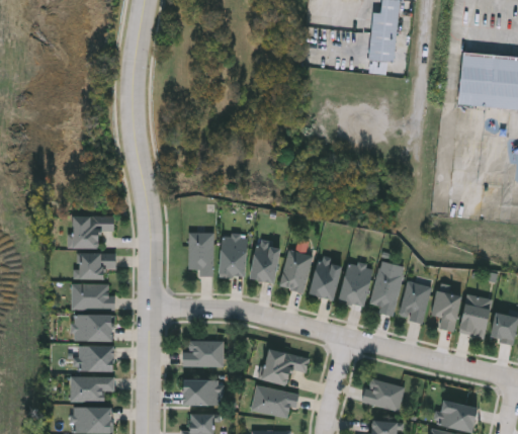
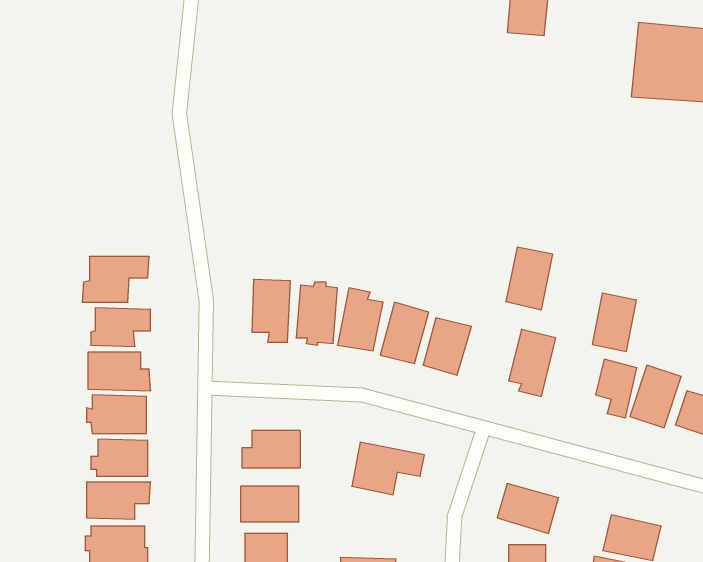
building: [339,262,372,307] -> [506,247,553,310]
building: [400,281,431,323] -> [592,293,636,352]
building: [250,385,299,417] -> none

